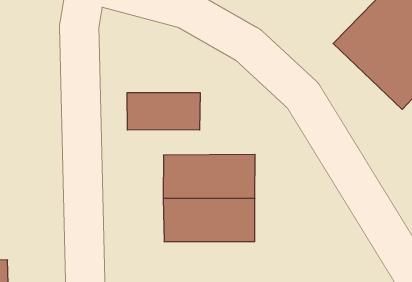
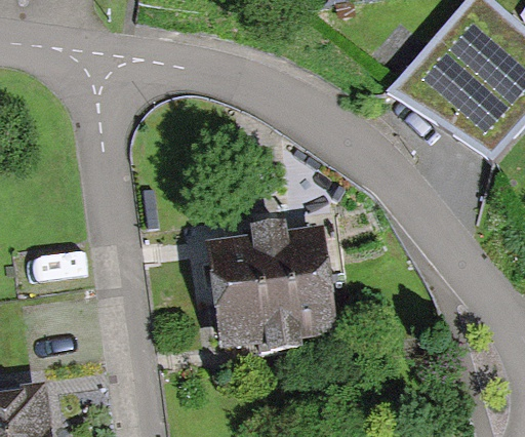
building: [127,93,200,130] -> none

